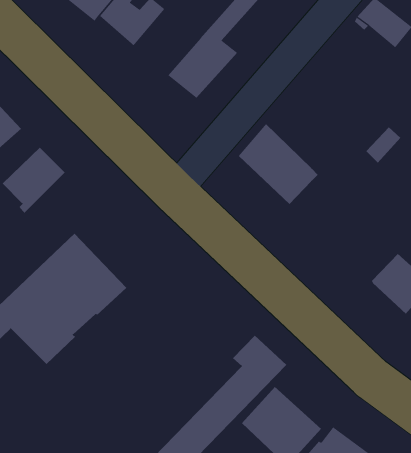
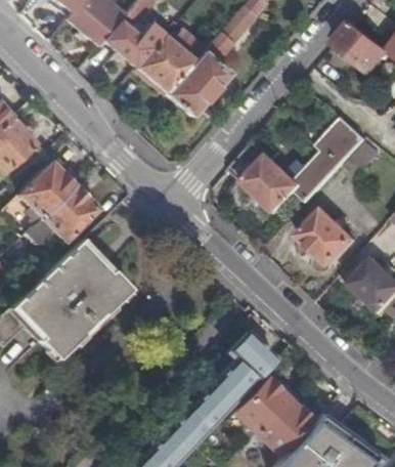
building: none -> [134,34,194,94]
building: none -> [297,116,369,202]
building: none -> [21,183,96,245]
building: none -> [300,210,356,266]

